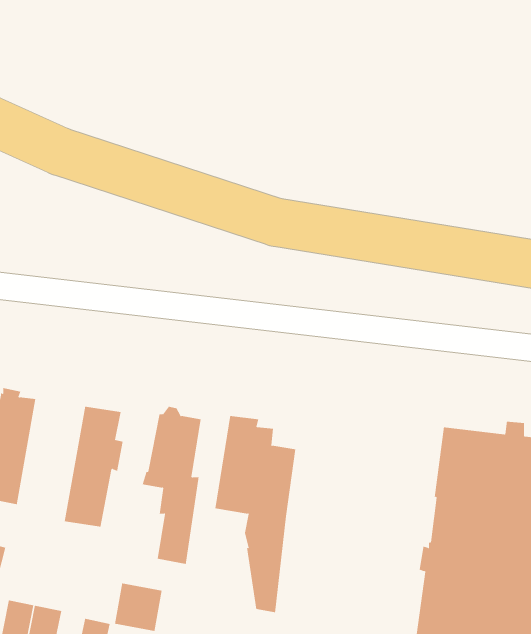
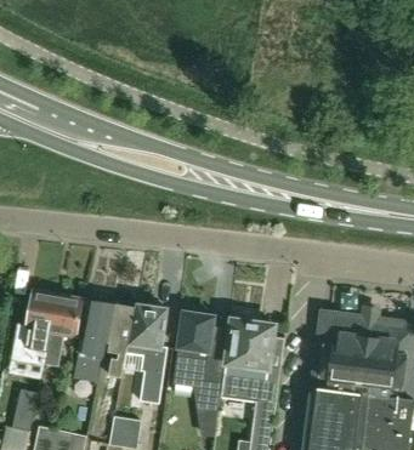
building: none -> [45,295,81,368]
building: none -> [108,302,135,377]
building: none -> [222,319,284,444]

